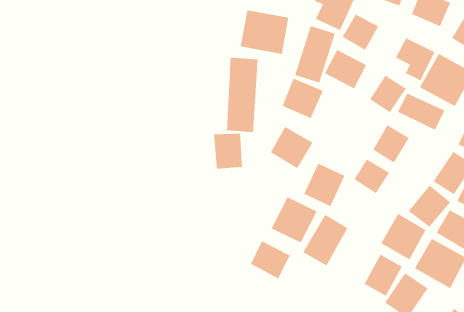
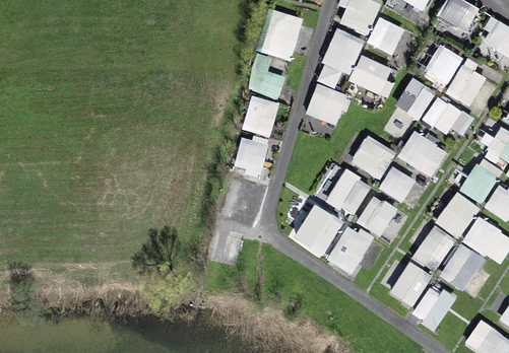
building: [270,126,313,169] -> [352,136,396,181]
building: none -> [358,195,408,242]
building: [250,240,291,279] -> none

